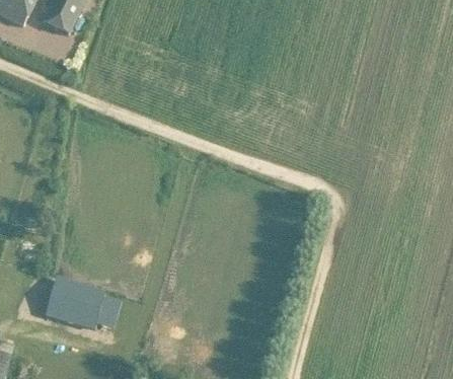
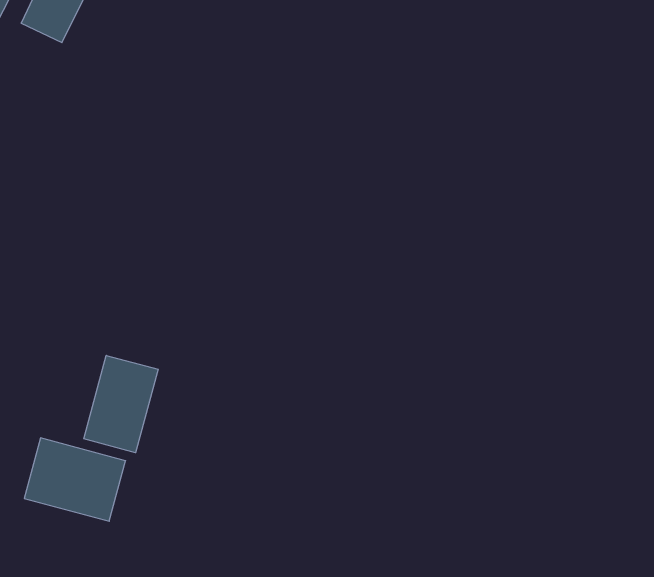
building: none -> [84,355,158,453]

